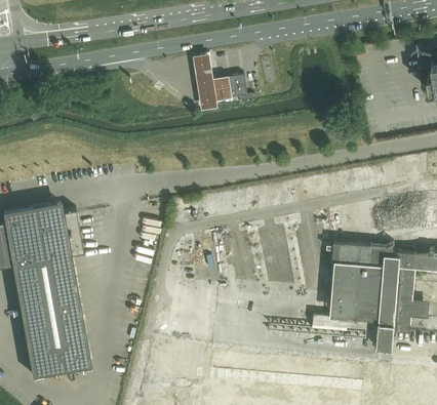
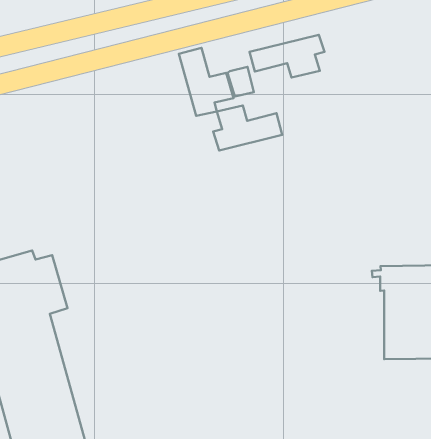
building: none -> [249,35,325,77]
building: none -> [213,105,282,150]

